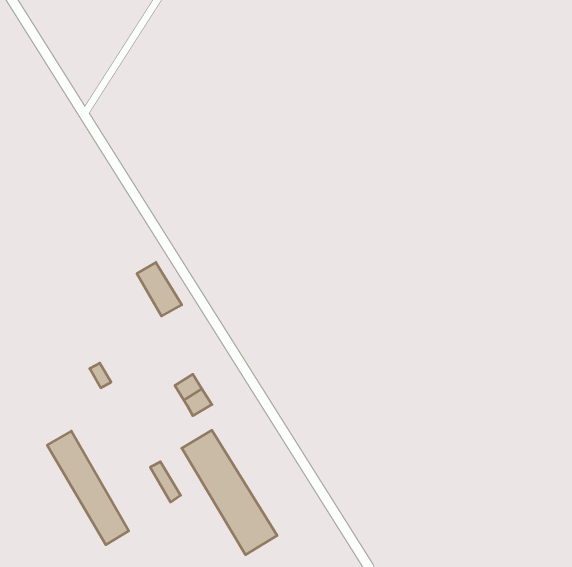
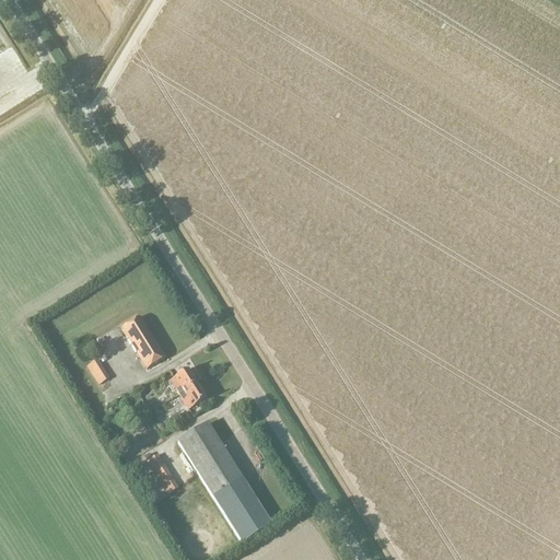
building: [137,262,182,316] -> [124,312,167,364]
building: [47,431,129,545] -> none

